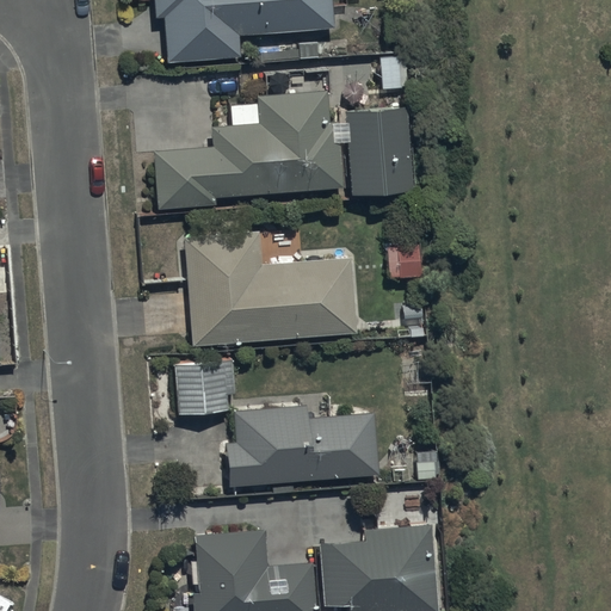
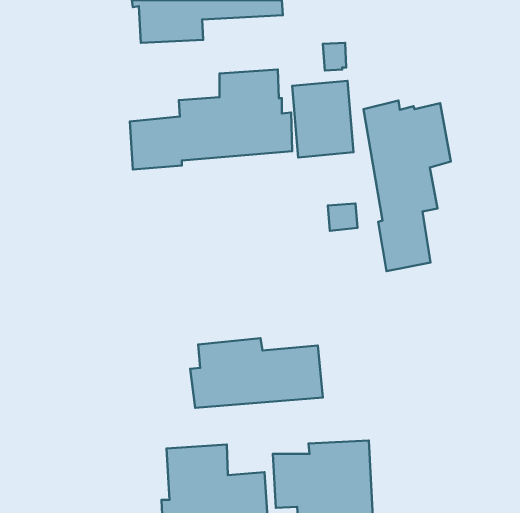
building: none -> [364,101,451,271]
building: [184,233,357,347] -> none
building: [174,360,236,413] -> none

